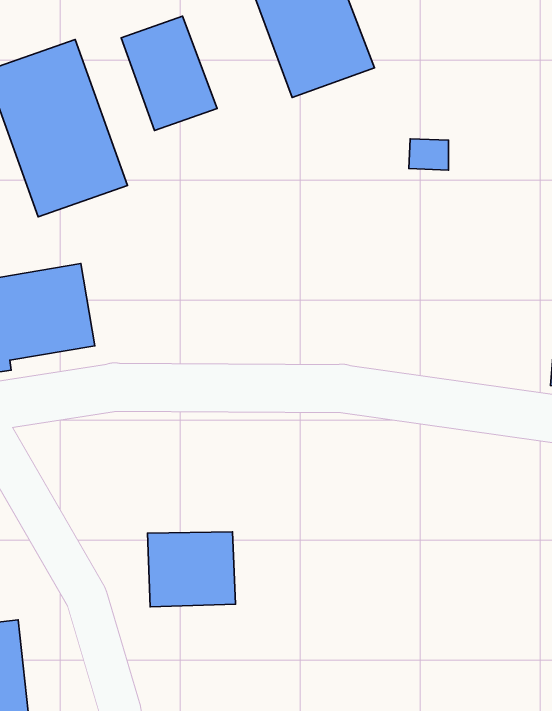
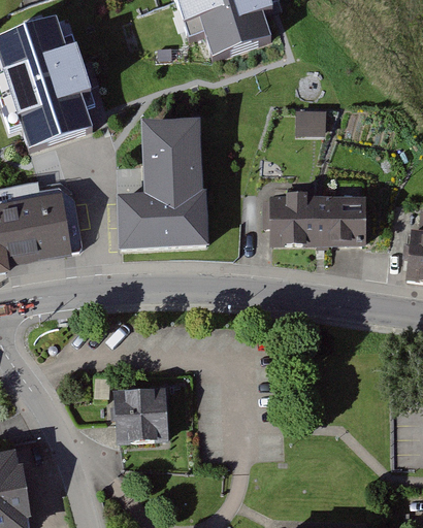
building: [121,16,217,131] -> none
building: none -> [118,118,210,245]
building: none -> [267,195,363,243]

